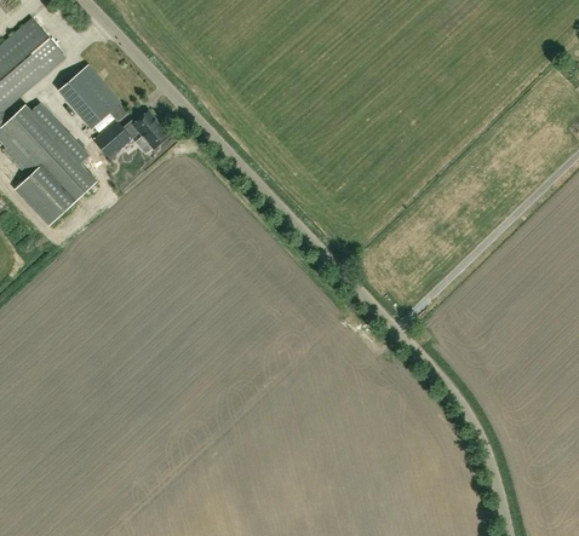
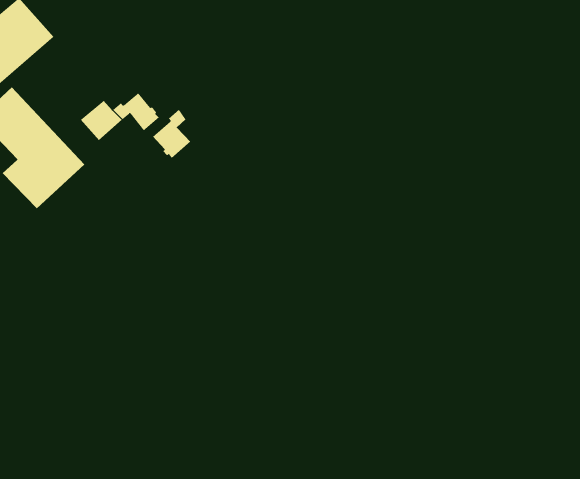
building: [58,63,121,127] -> none
building: none -> [152,109,191,159]

